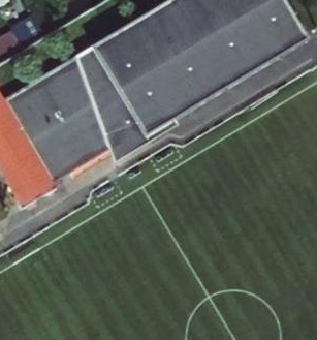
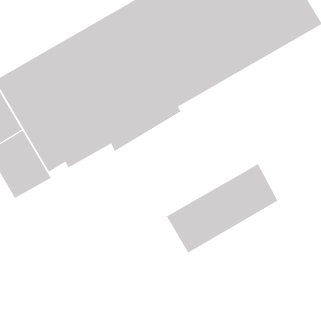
building: none -> [166,163,278,254]

